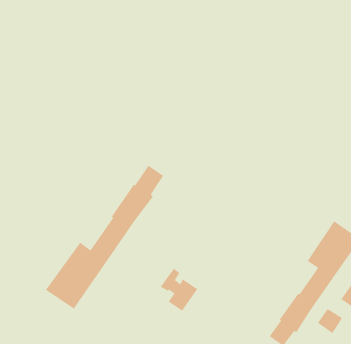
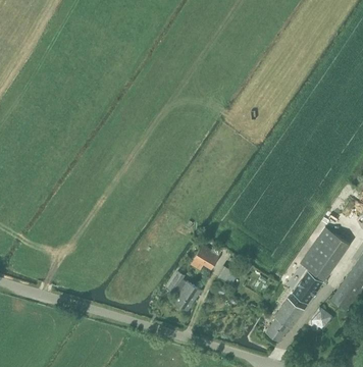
building: [45,165,164,310] -> none
building: none -> [192,245,221,270]

